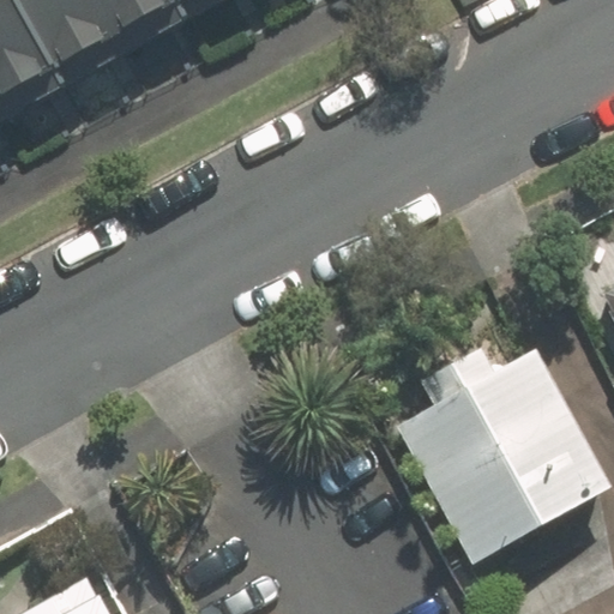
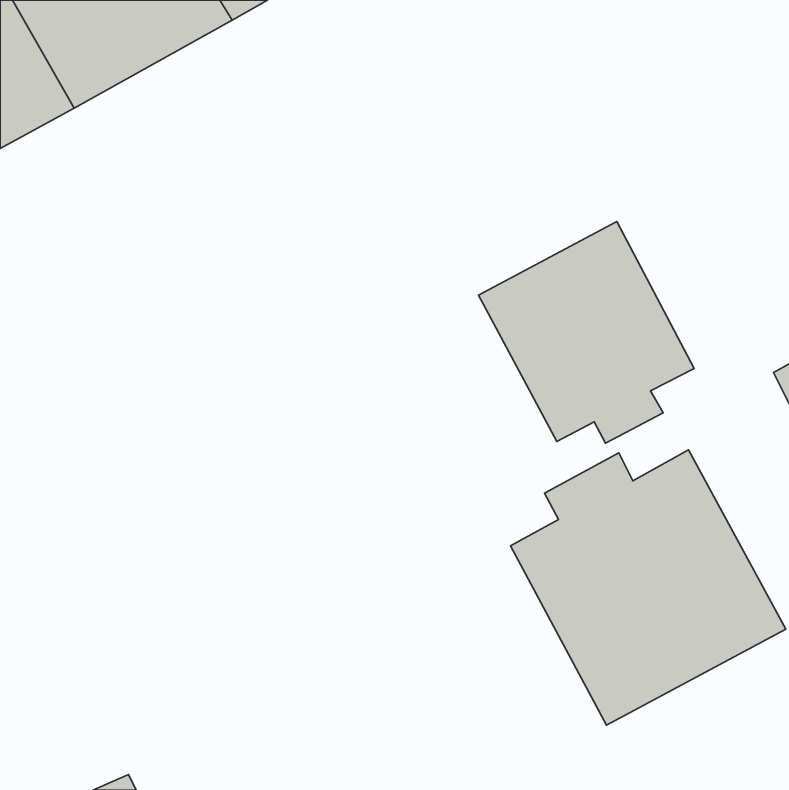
building: none -> [479,222,694,443]

